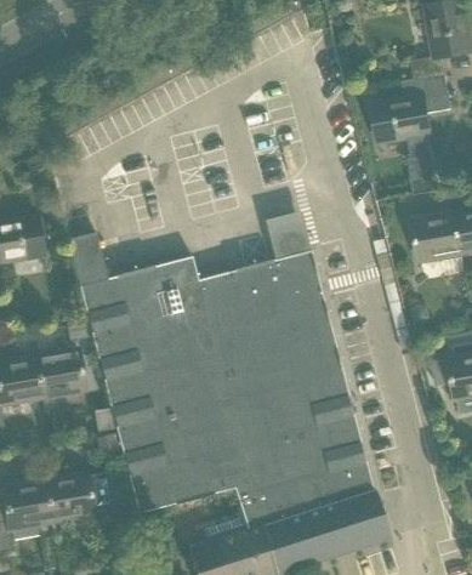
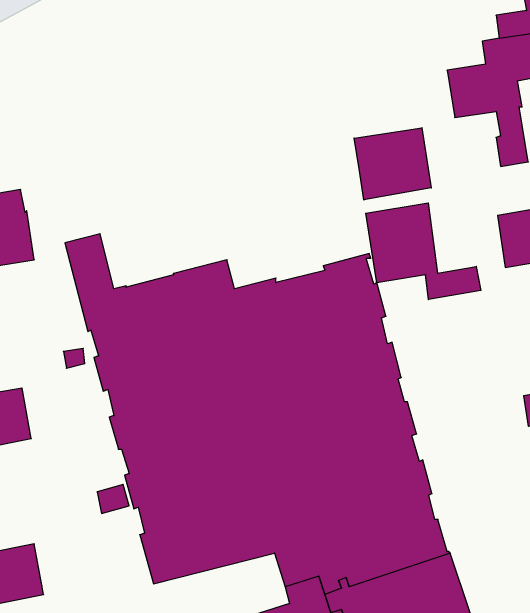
building: none -> [354,128,431,200]
building: none -> [366,203,481,300]
building: [35,349,85,398] -> none
building: [45,473,115,522] -> none

